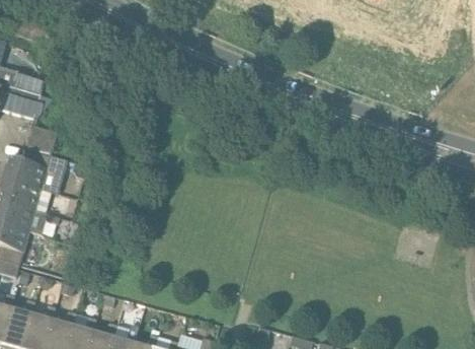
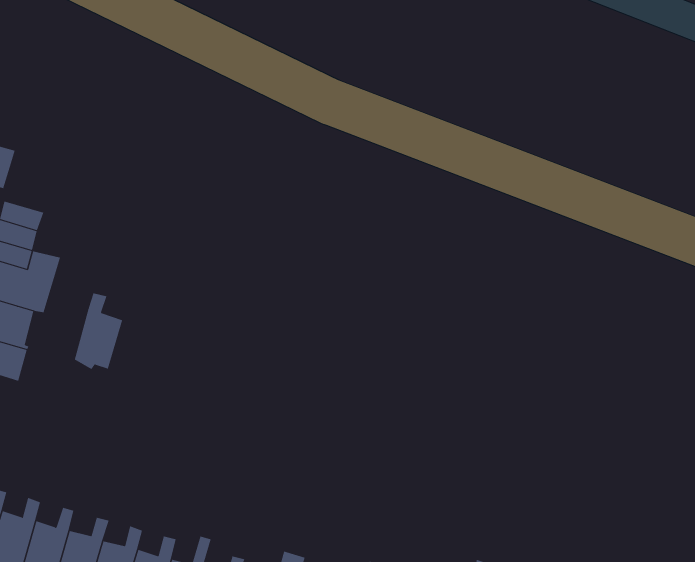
building: none -> [74,293,123,370]

